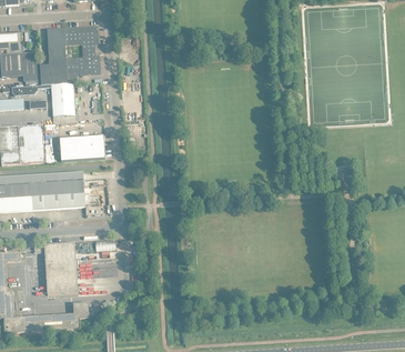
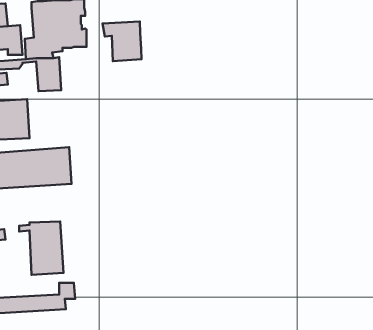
building: none -> [103,22,141,61]
building: [59,135,104,161] -> none

